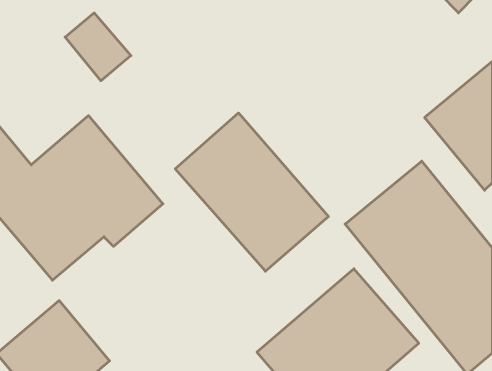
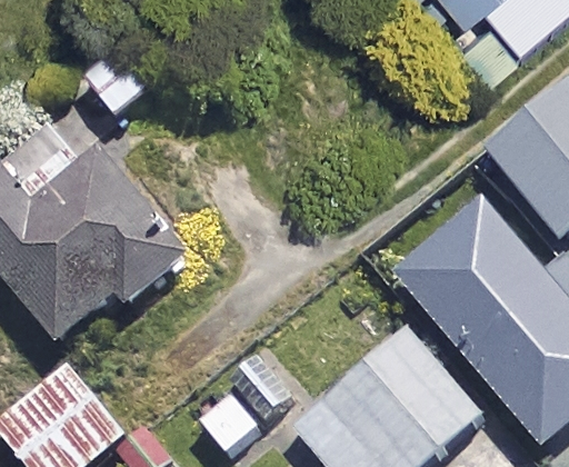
building: [175,113,328,271] -> none

